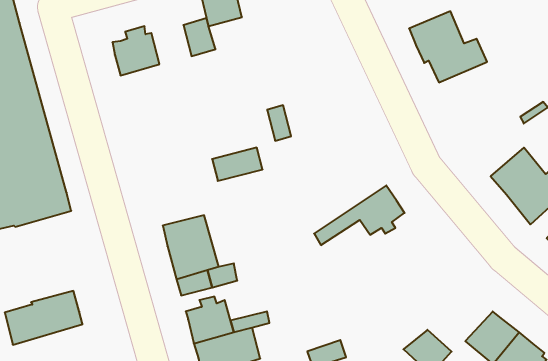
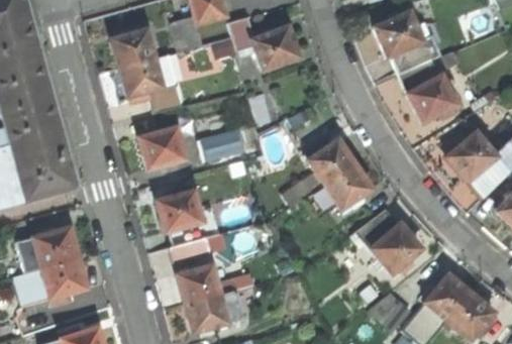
building: none -> [229,17,298,71]
building: none -> [399,51,464,122]
building: none -> [119,58,184,112]
building: none -> [138,127,184,168]
building: none -> [283,138,353,207]
building: none -> [354,209,419,274]
building: none -> [32,227,78,267]

